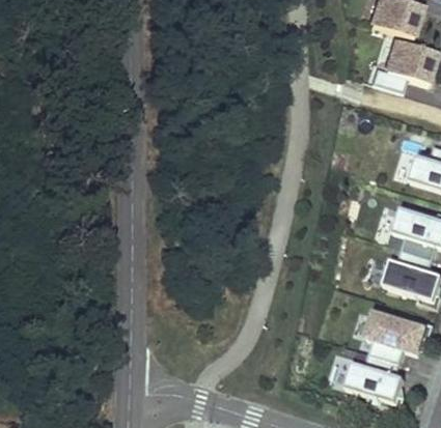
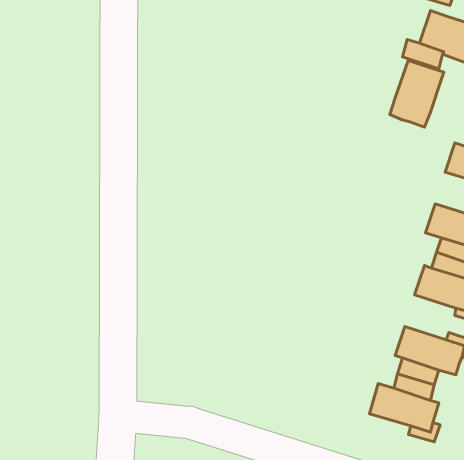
building: none -> [390,60,444,127]

